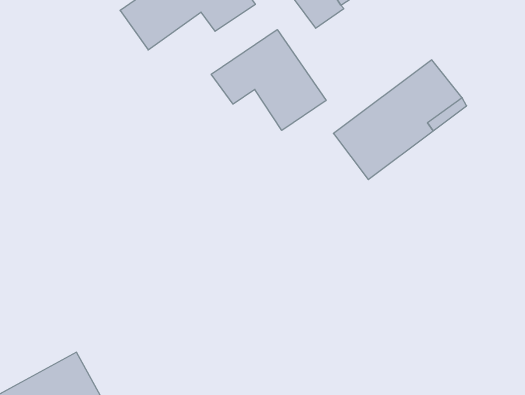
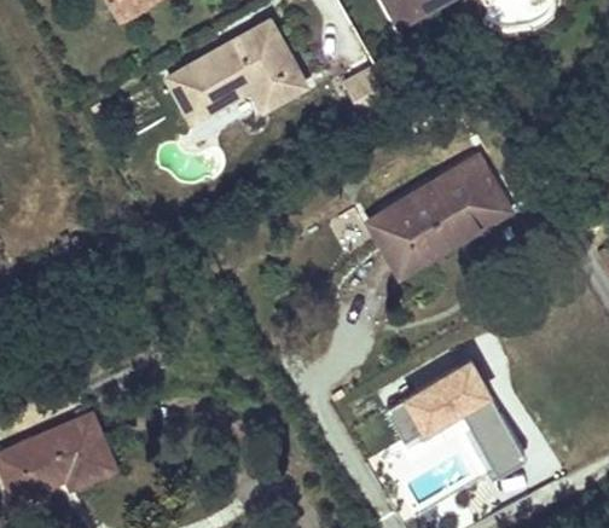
building: [211,30,326,130] -> none
building: none -> [387,361,527,472]

